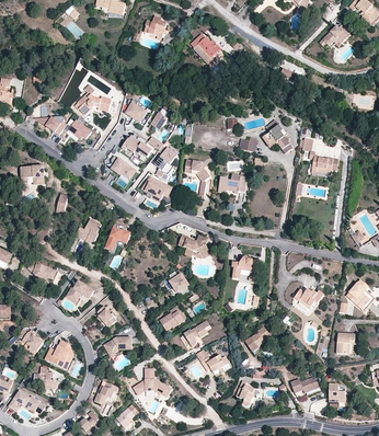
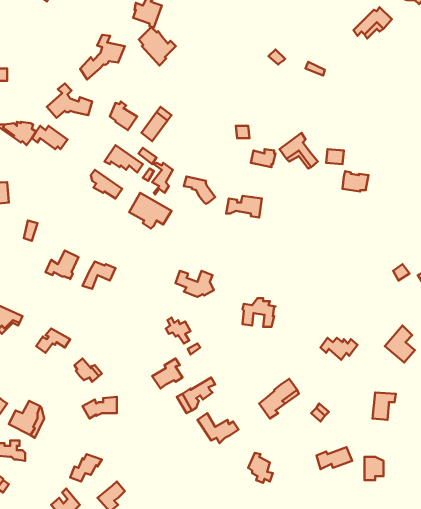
building: [191,34,220,65] -> [139,27,176,65]
building: none -> [80,35,125,79]
building: [131,369,169,398] -> none

